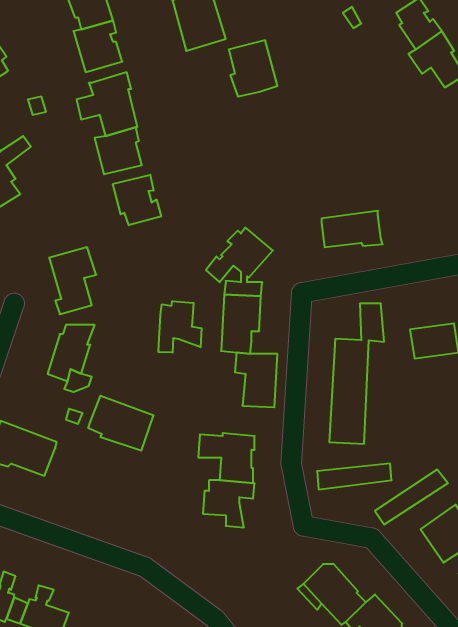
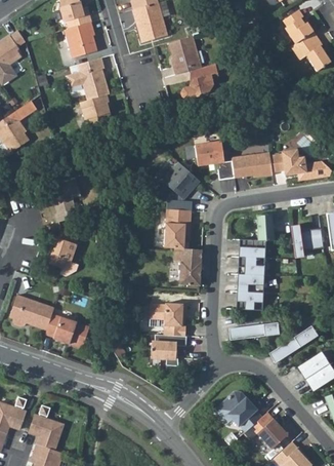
building: none -> [179,65,218,101]
building: [113,175,161,225] -> none
building: none -> [195,141,234,179]
building: none -> [269,150,314,181]
building: [158,301,201,353] -> none
building: [88,396,154,451] -> [44,312,88,349]

